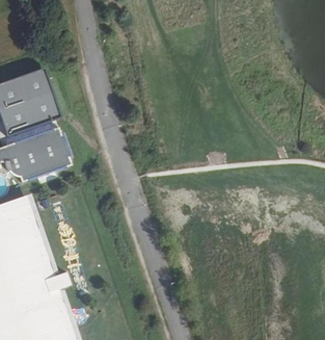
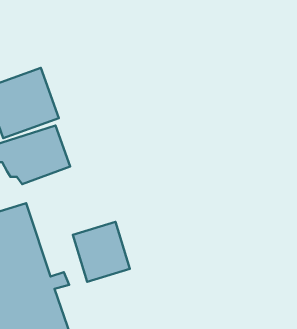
building: none -> [73,222,130,282]

